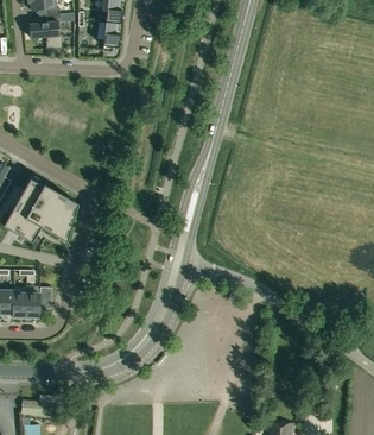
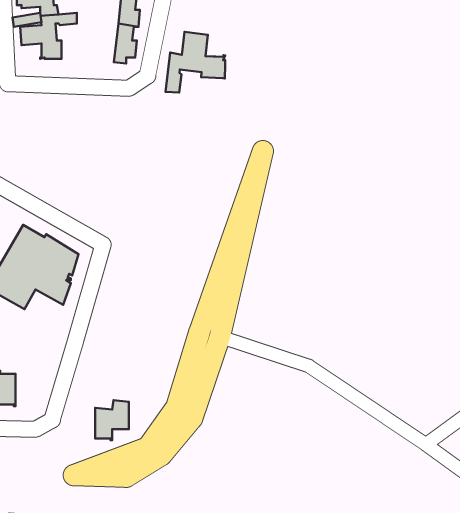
building: none -> [165,32,225,93]
building: [26,286,52,317] -> [95,400,129,440]

